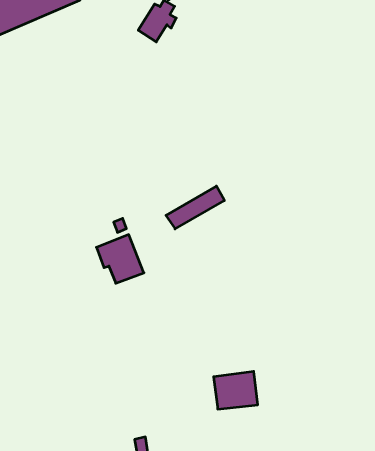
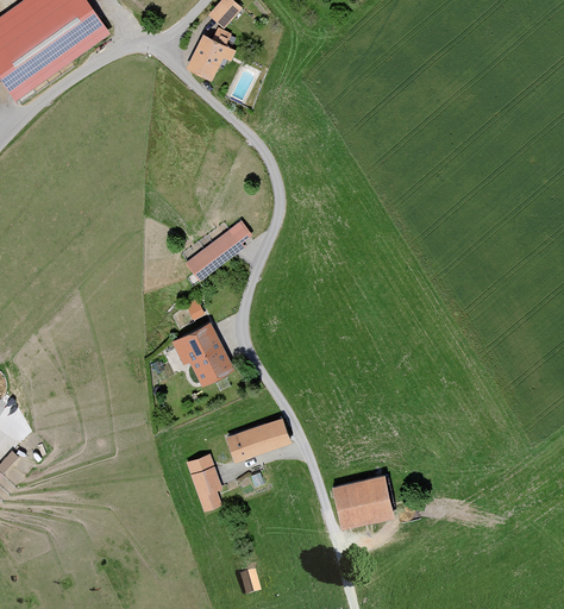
building: [166,186,224,229] -> [184,220,255,278]
building: none -> [225,417,288,462]
building: none -> [186,453,223,510]

